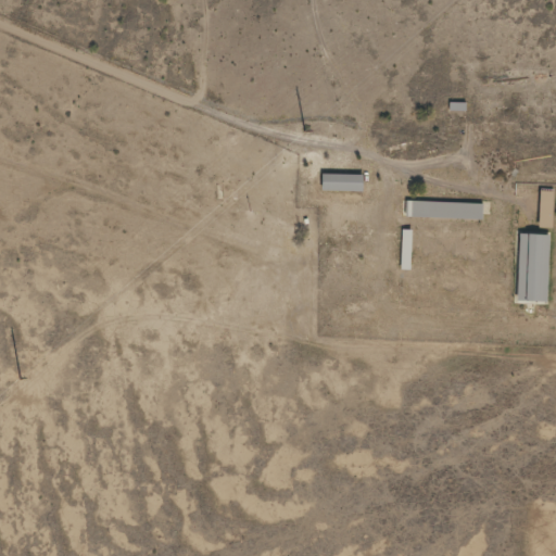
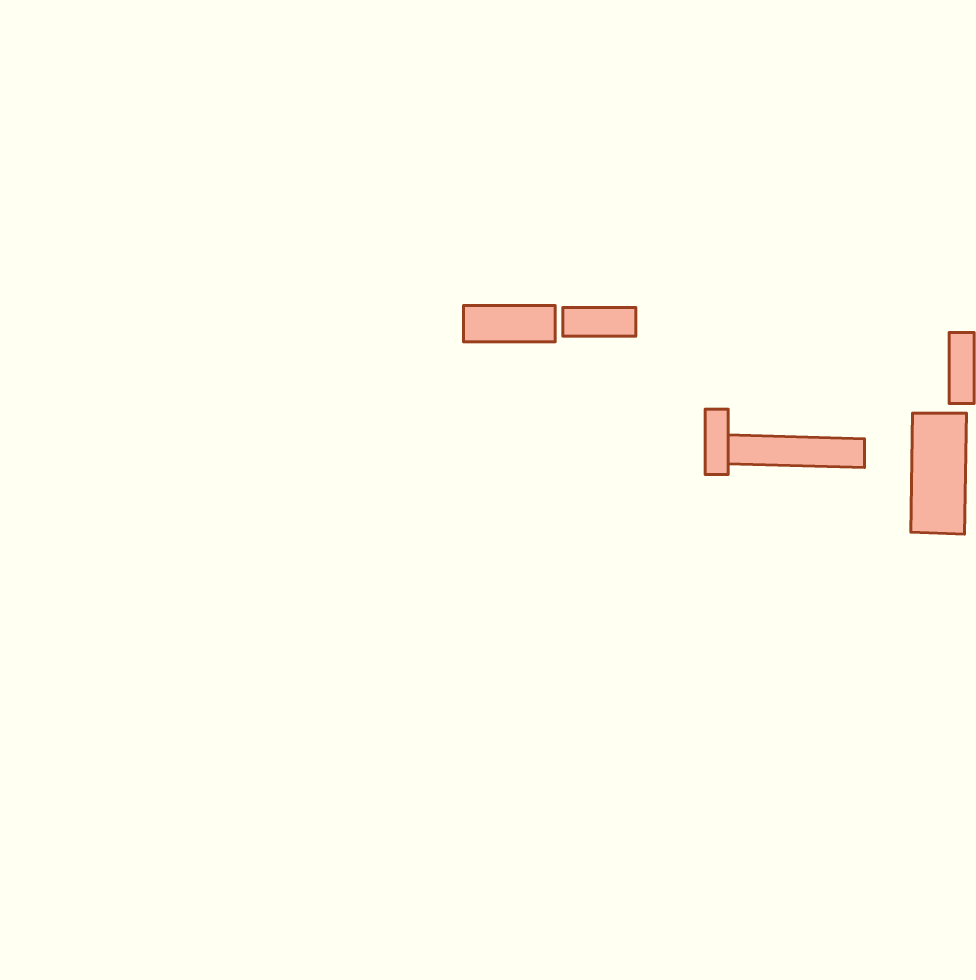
building: none -> [464,305,555,342]
building: [406,200,483,218] -> [728,435,865,468]

